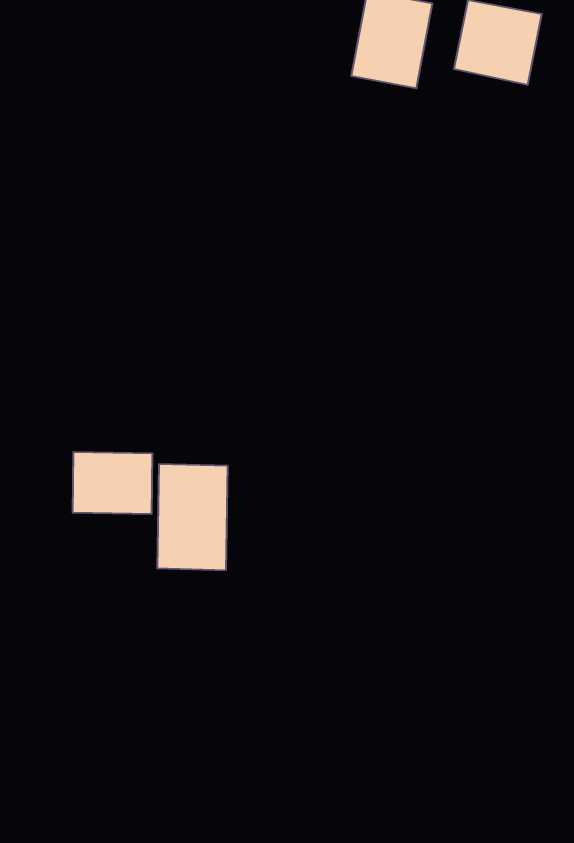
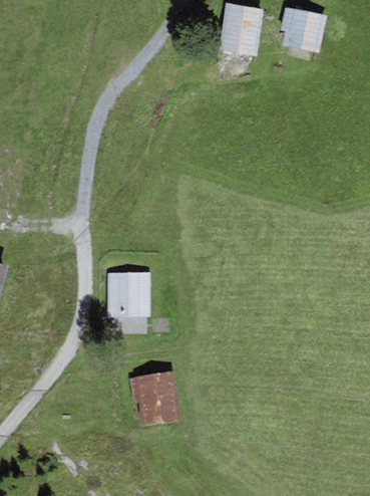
building: [73,452,152,514] -> none
building: none -> [130,369,180,423]

